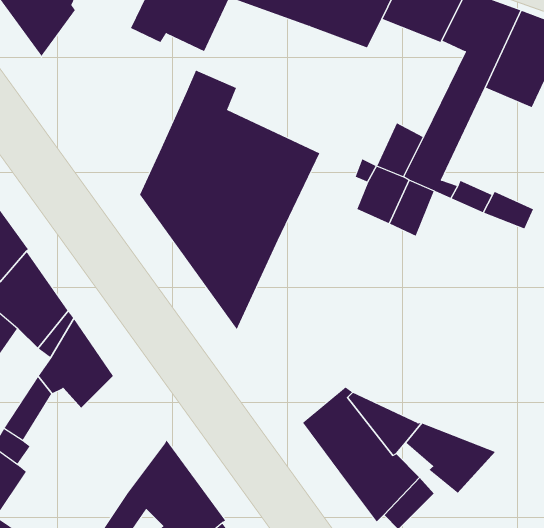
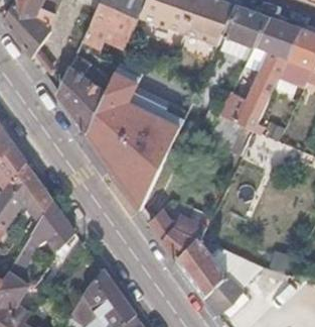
building: none -> [58,52,114,132]
building: none -> [151,208,207,259]

